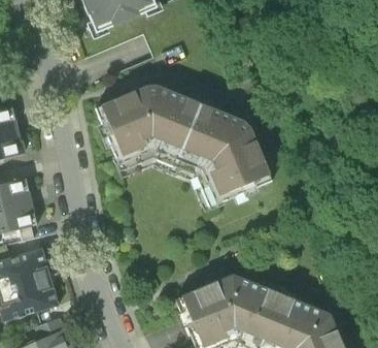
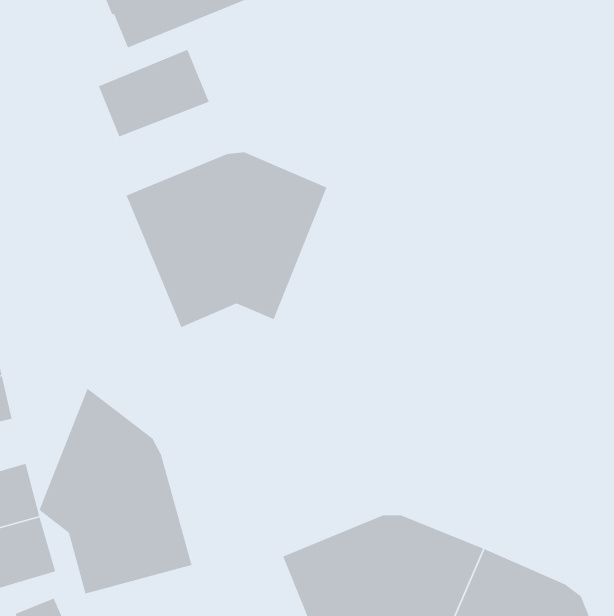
building: none -> [98,49,210,138]
building: [171,103,272,212] -> none
building: none -> [39,387,193,595]

